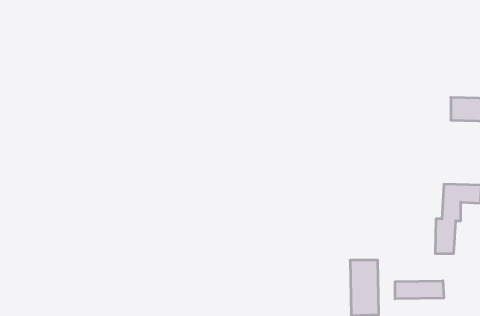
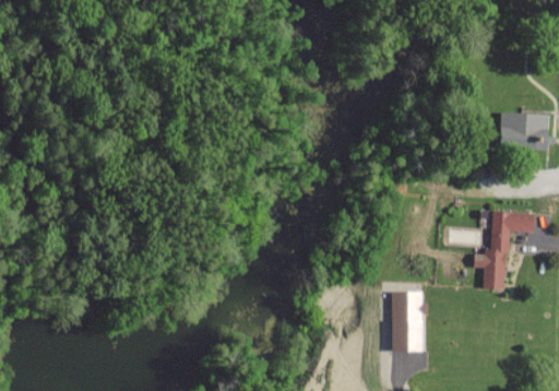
building: [395,281,444,299] -> none

